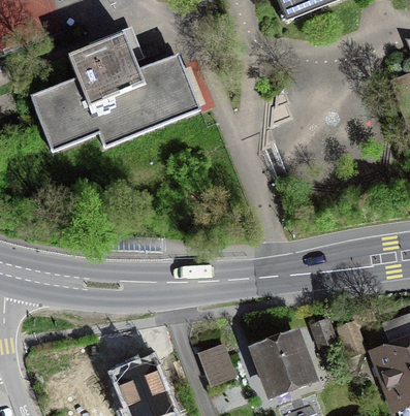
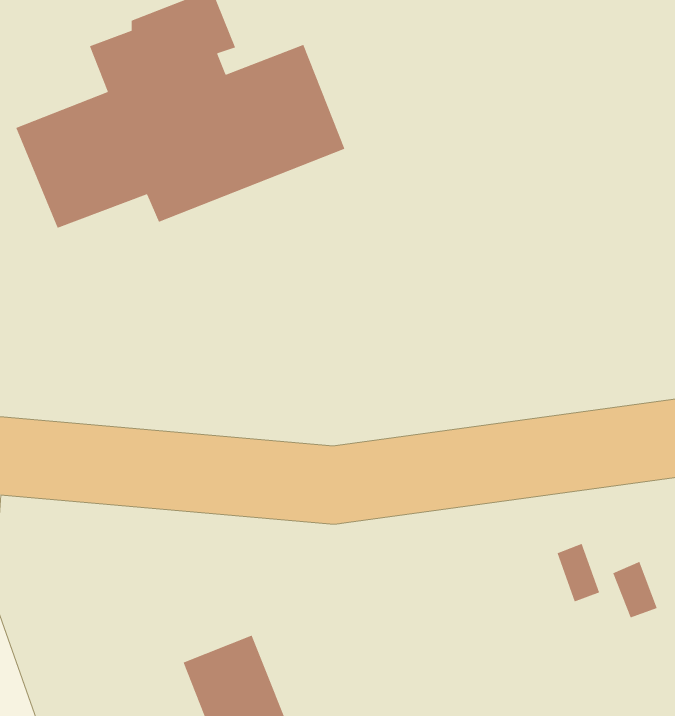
building: [253,333,310,391] -> none
building: [200,347,239,386] -> none

